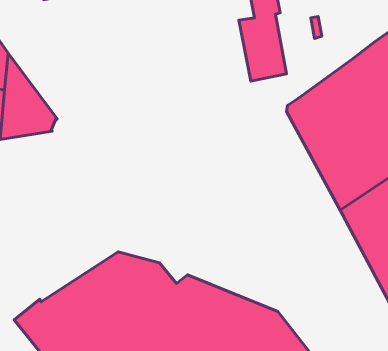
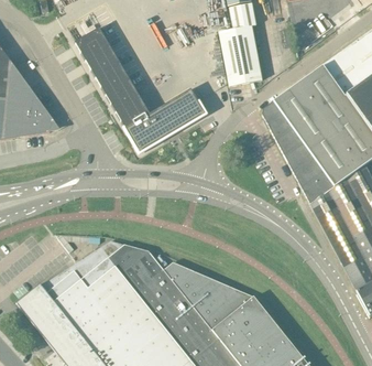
building: none -> [75,28,208,153]

